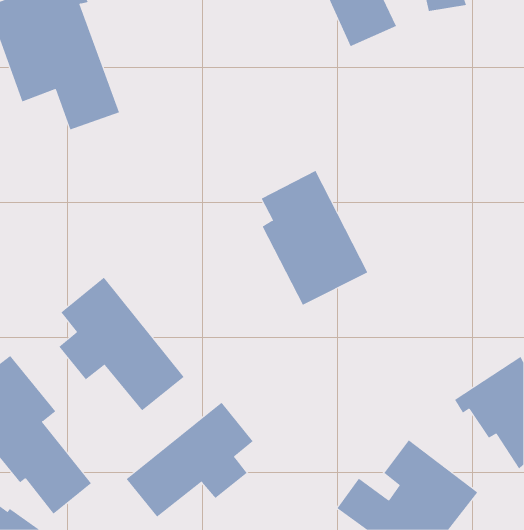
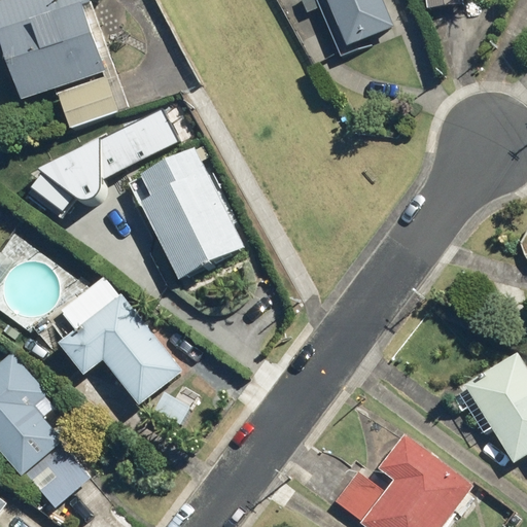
building: none -> [38,105,175,199]
building: [261,170,368,306] -> [139,147,245,281]
building: [126,402,253,518] -> none

